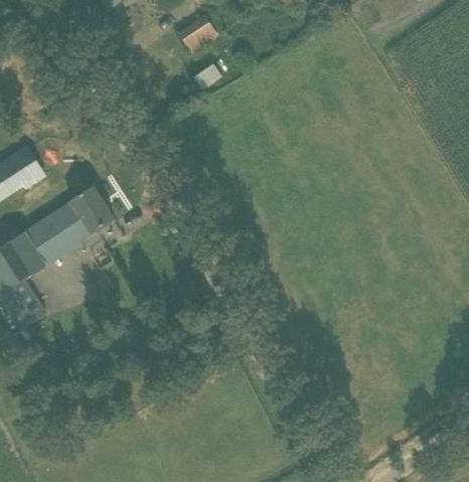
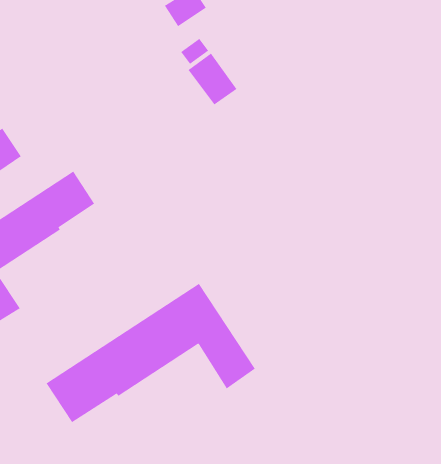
building: none -> [187,52,238,105]
building: none -> [46,283,256,423]

